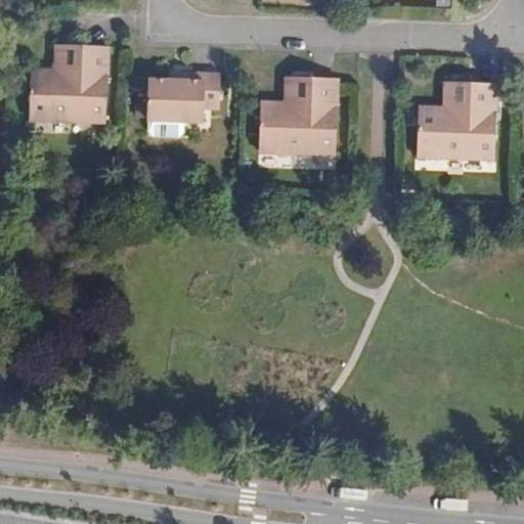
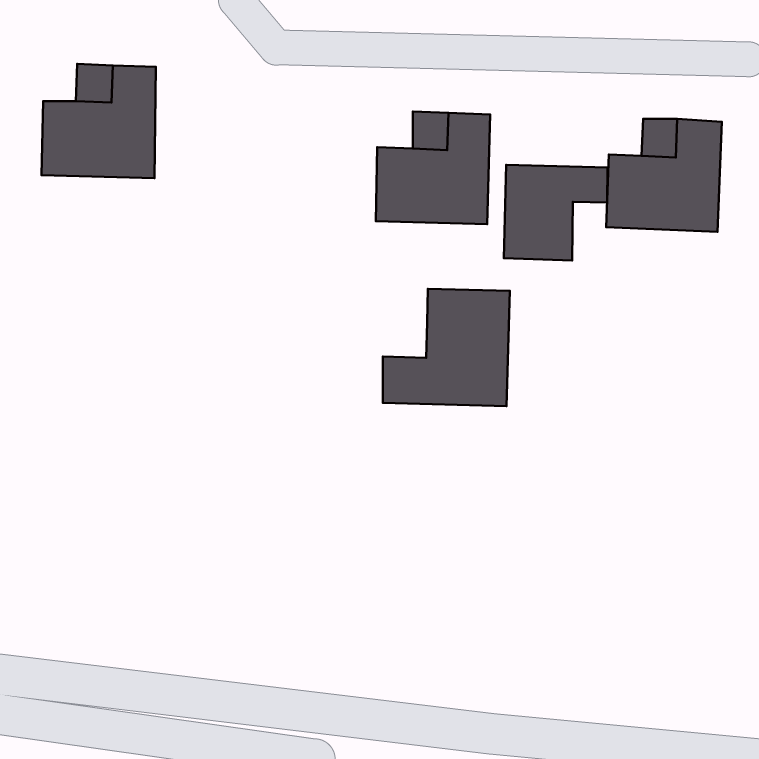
building: [146,74,221,122] -> none
building: none -> [504,165,608,260]
building: none -> [383,289,510,406]

